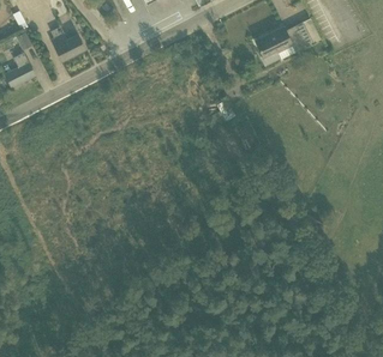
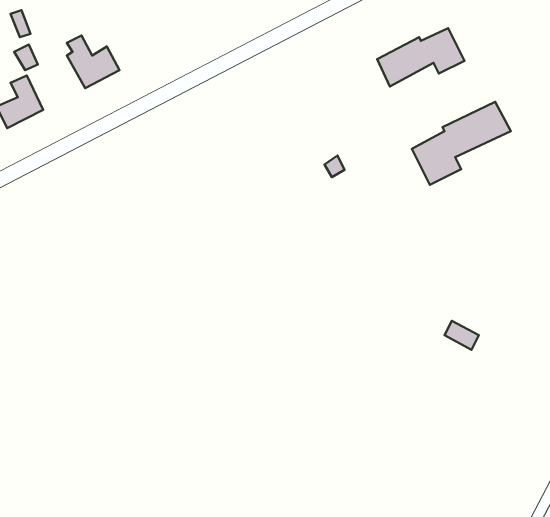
building: none -> [412,102,511,185]

